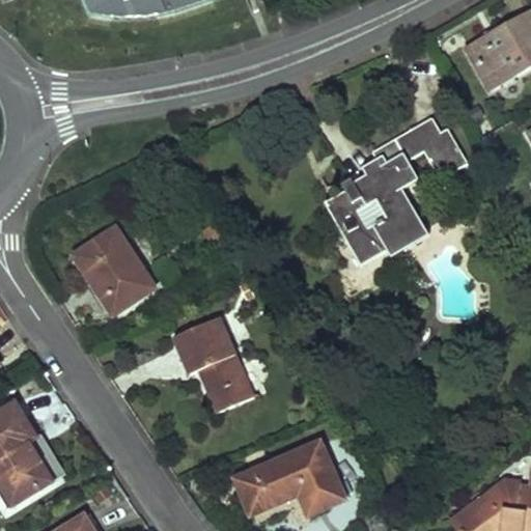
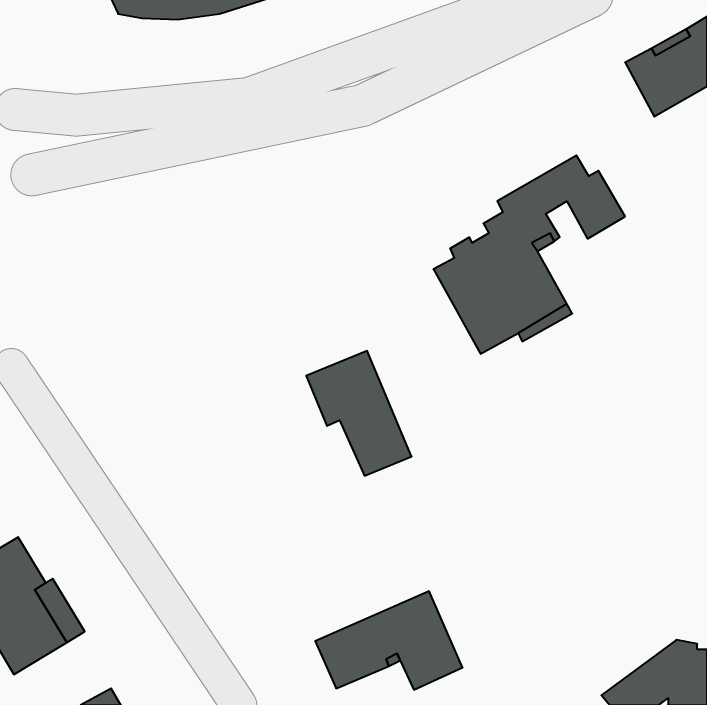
building: [74,228,153,314] -> none
building: [173,317,252,411] -> [306,351,412,476]

